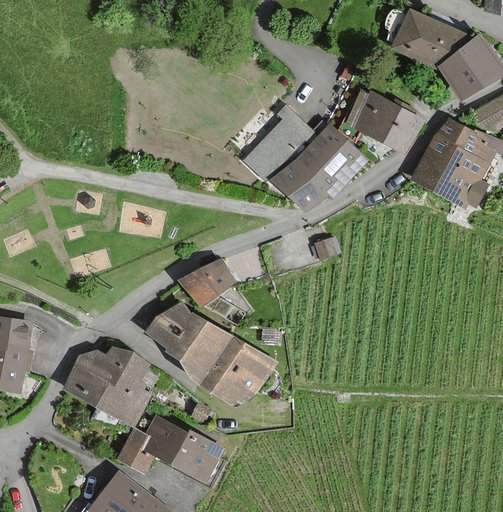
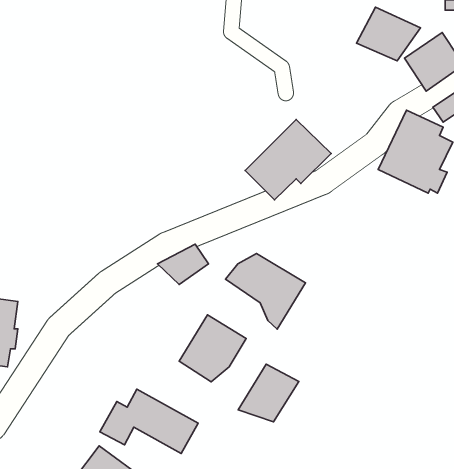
building: [350,92,422,152] -> none
building: [243,105,314,181] -> none
building: [147,304,232,384] -> [225,254,306,329]
building: [65,347,148,423] -> none
building: none -> [238,364,299,422]

